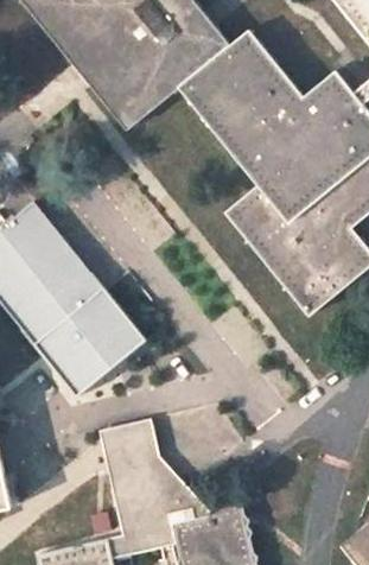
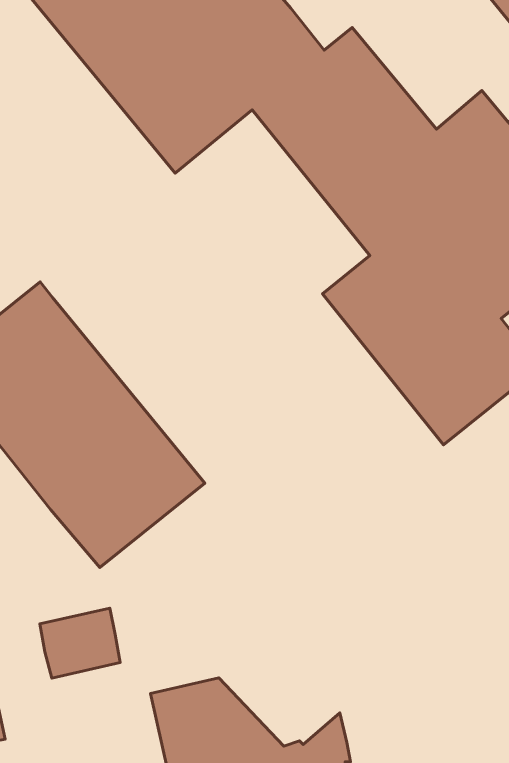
building: [102,432,157,480] -> [40,608,120,678]

